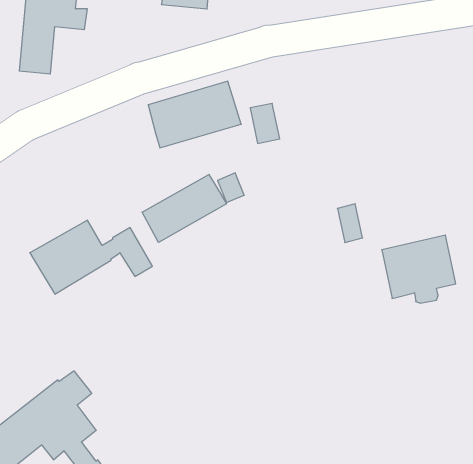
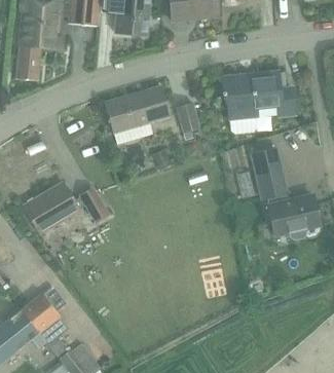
building: none -> [222,73,295,135]
building: none -> [250,148,289,201]
building: [142,174,226,242] -> none

